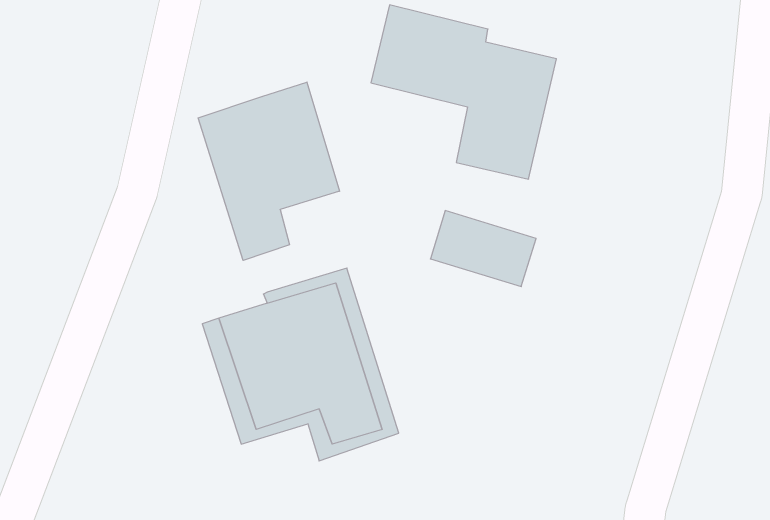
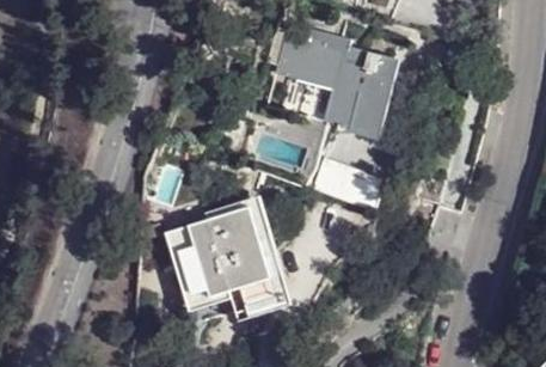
building: [198,82,340,260] -> none

